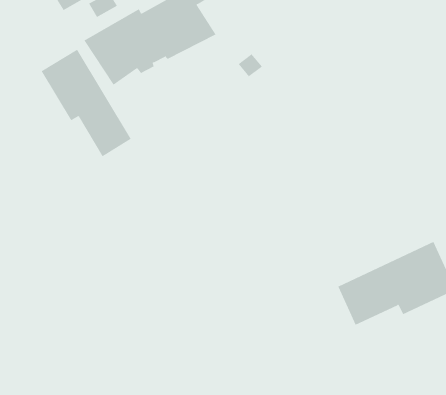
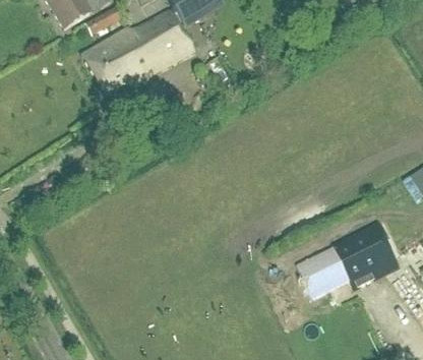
building: [41,49,132,157] -> none

